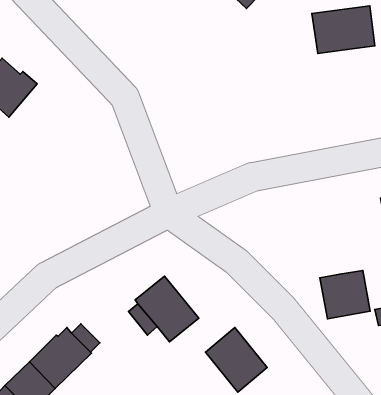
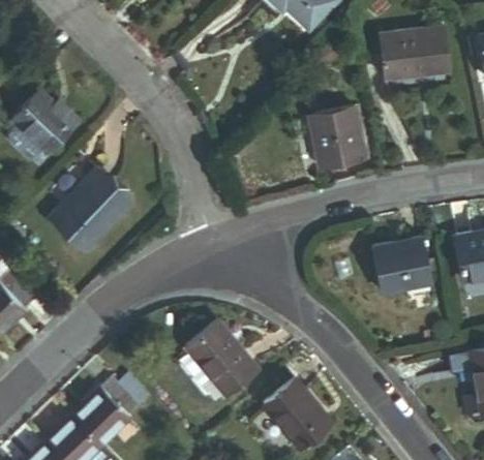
building: none -> [308,110,363,167]
building: none -> [52,161,137,246]
building: [320,270,370,319] -> [374,241,429,294]

